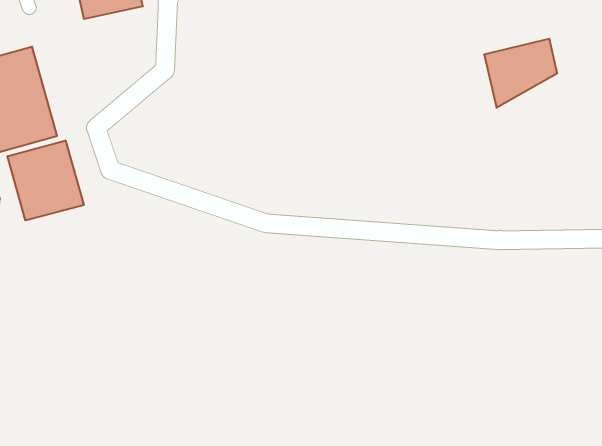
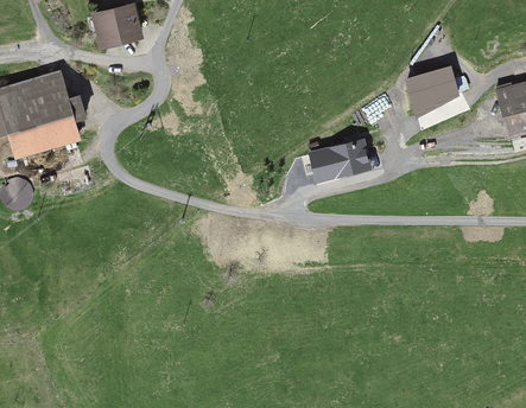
building: none -> [309,134,373,179]
building: [8,141,84,220] -> none

